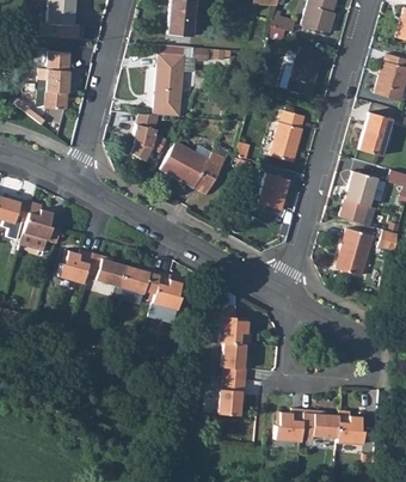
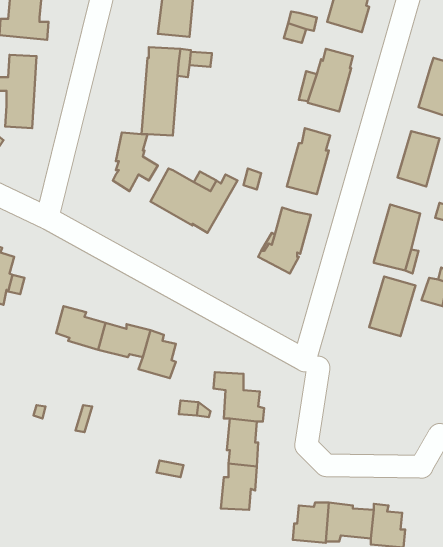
building: [57,250,92,283] -> none

